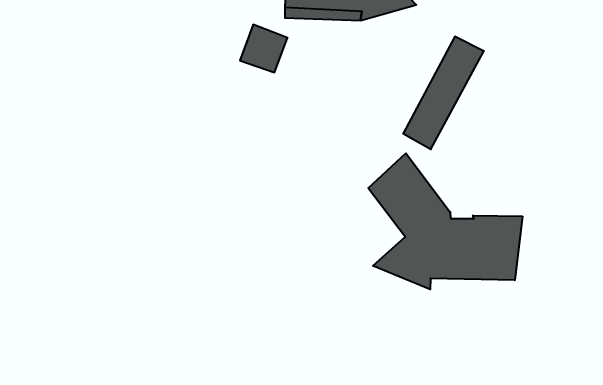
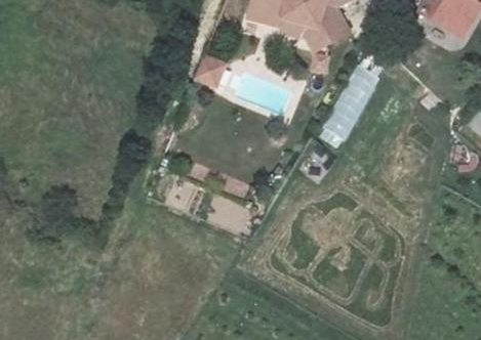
building: [368,153,522,289] -> none

